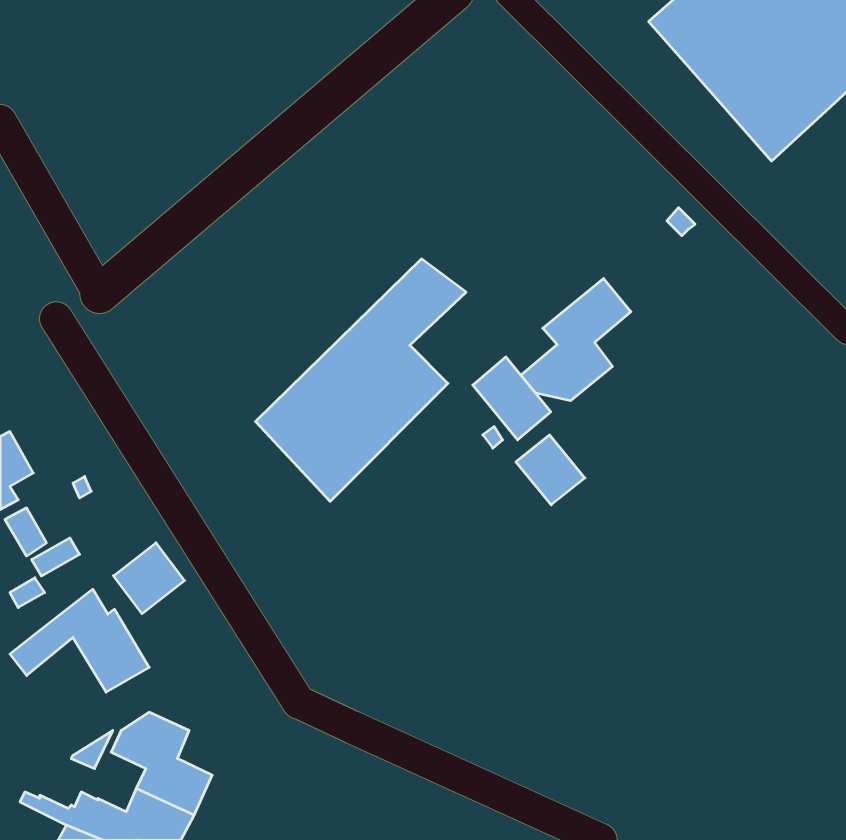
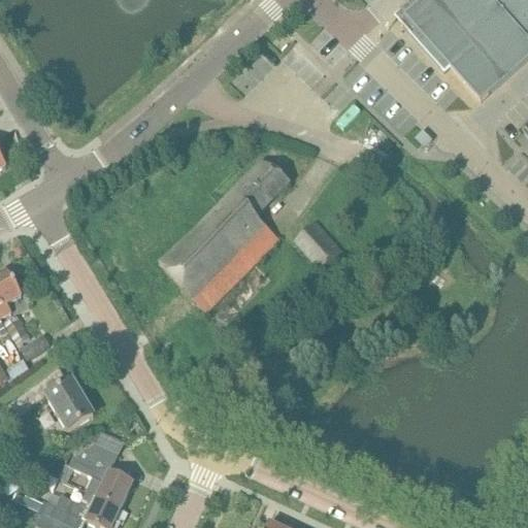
building: [521,278,631,401] -> none
building: [516,435,585,505] -> none
building: [113,543,185,614] -> none

